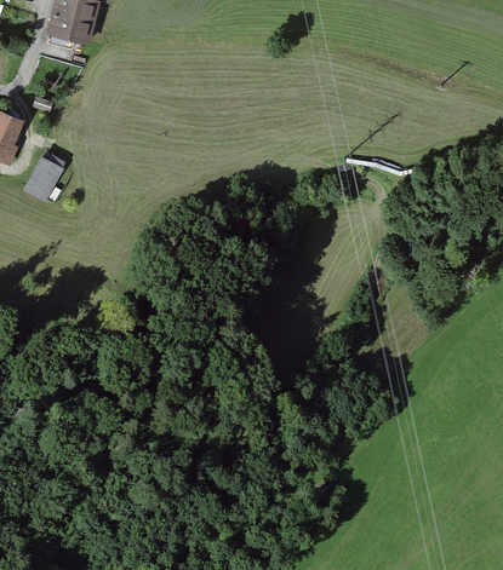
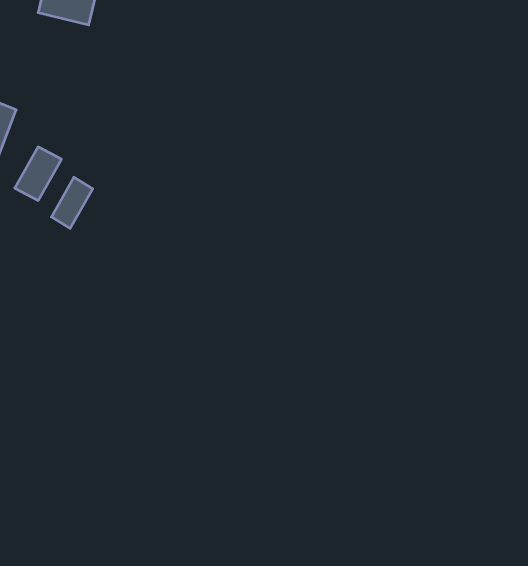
building: none -> [51,177,93,228]

